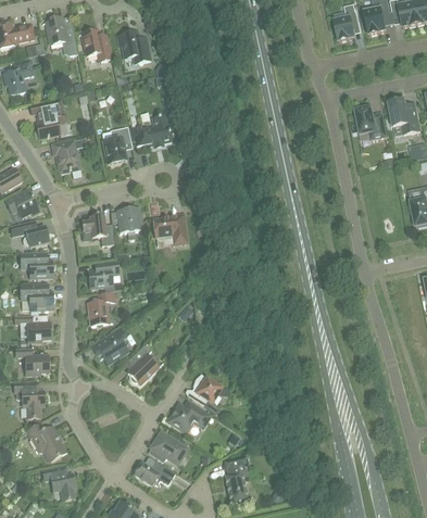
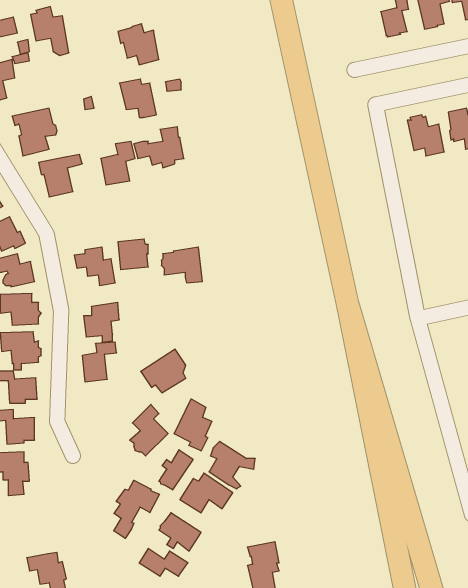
building: [80,29,111,61] -> [119,79,156,117]
building: [90,327,127,363] -> [141,349,186,393]
building: none -> [174,399,212,451]
building: none -> [159,450,193,490]
building: none -> [114,480,159,538]
building: [25,420,65,460] -> none

